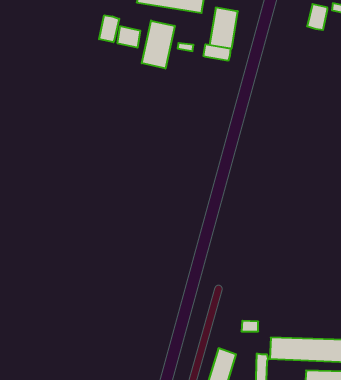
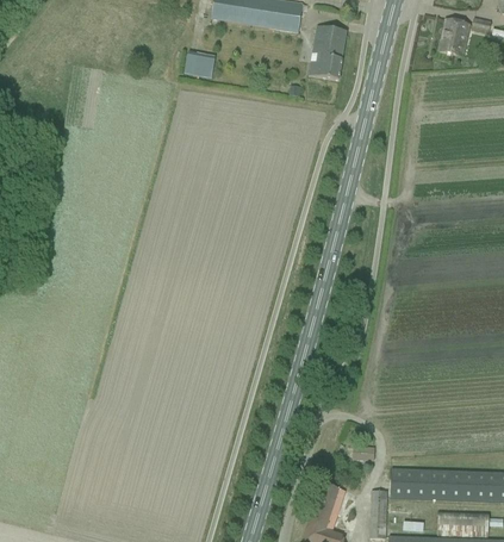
building: [99,15,119,42] -> none
building: [142,20,175,69] -> none
building: [203,44,230,61] -> none

